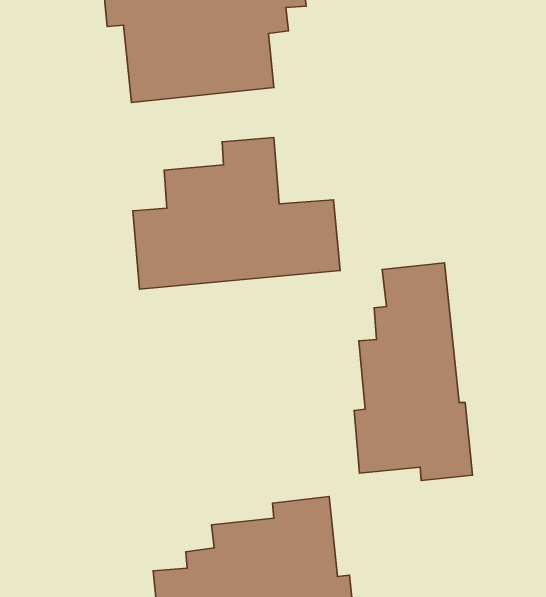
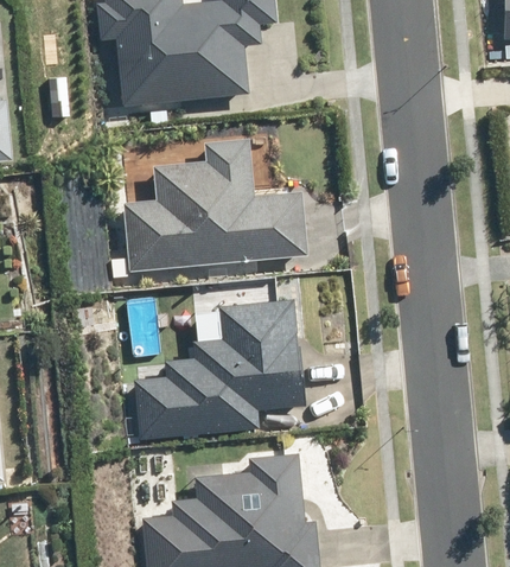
building: [354,263,473,481] -> none
building: none -> [135,299,302,439]

